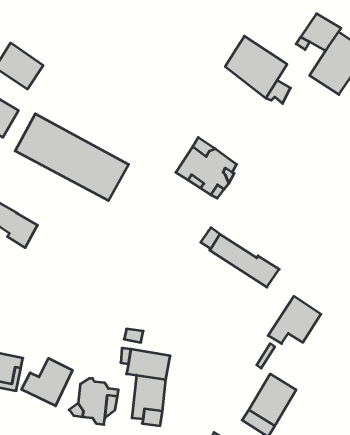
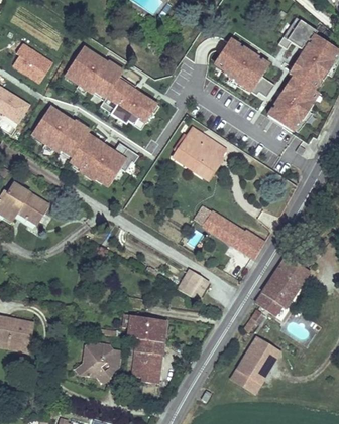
building: none -> [63,43,157,129]
building: none -> [268,74,323,131]
building: none -> [277,256,310,284]
building: none -> [178,269,209,300]
building: [22,358,72,406] -> none

